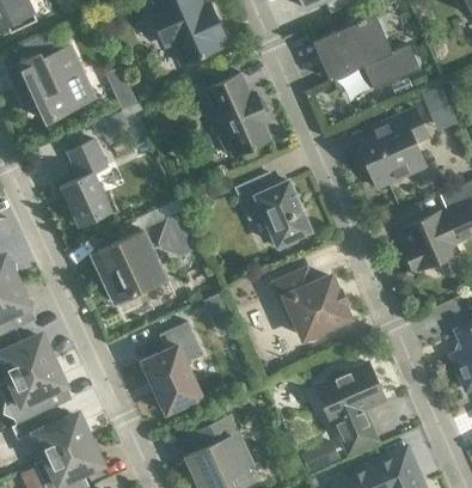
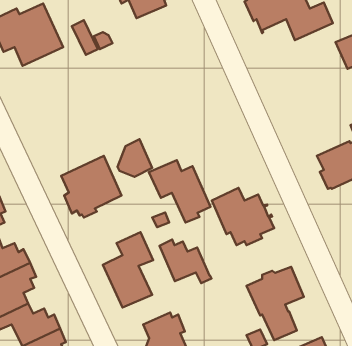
building: [204,72,270,155] -> none
building: [351,108,428,188] -> none
building: [61,140,110,225] -> none
building: [235,173,309,249] -> [149,160,210,223]
building: none -> [159,240,212,283]

